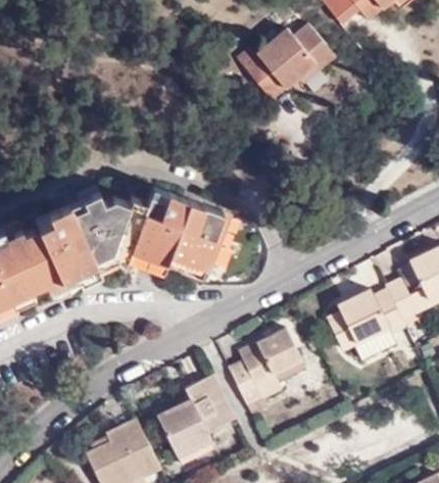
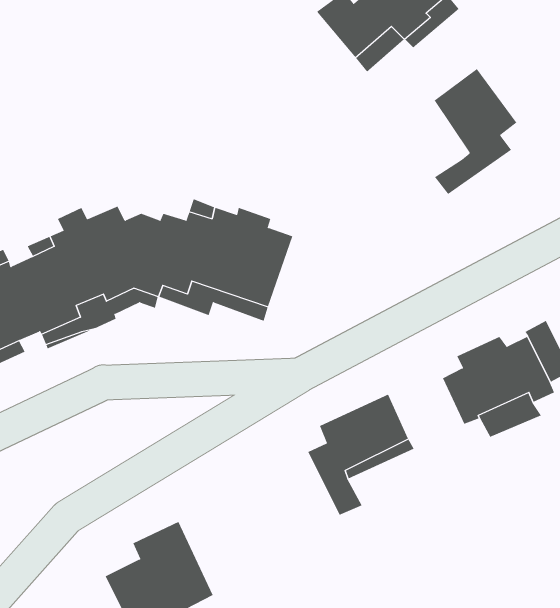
building: none -> [434,68,517,195]
building: [158,376,236,465] -> none

